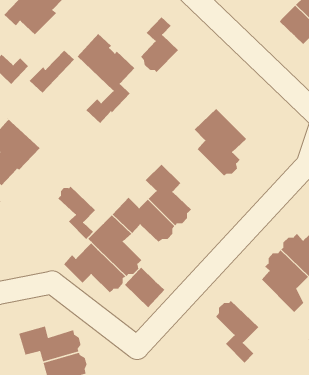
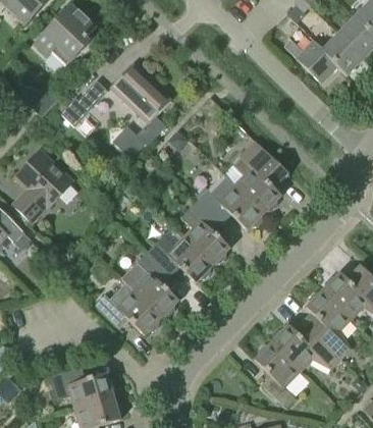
building: none -> [283,39,336,83]
building: [140,16,179,73] -> none
building: none -> [198,172,263,229]
building: [58,186,96,240] -> none
building: [124,267,165,308] -> none
building: none -> [270,320,336,370]

